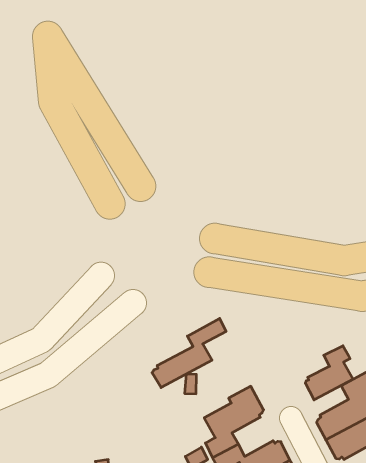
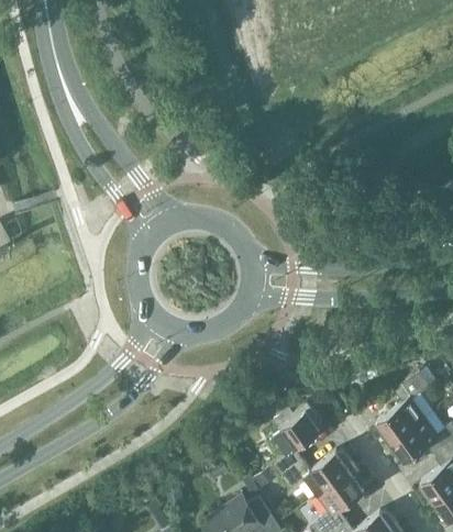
building: [152,318,226,388] -> none
building: [305,346,353,400] -> none

